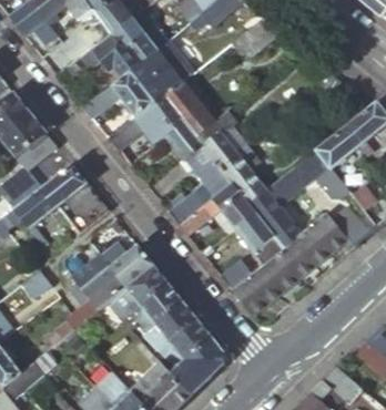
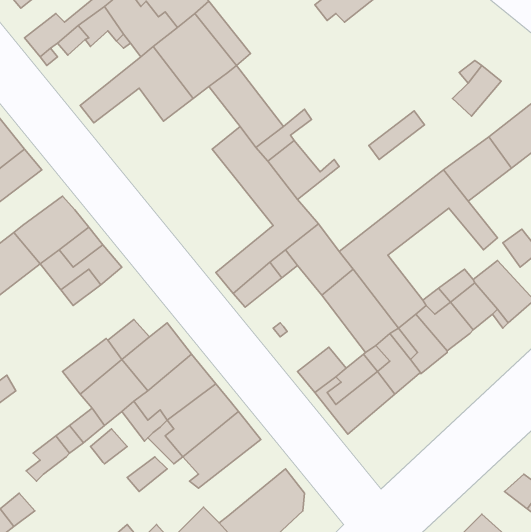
building: [108,94,184,146] -> none
building: [221,145,264,199] -> none
building: [158,319,213,369] -> none

